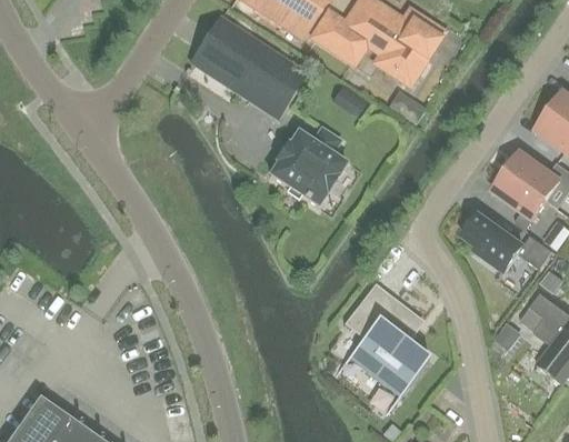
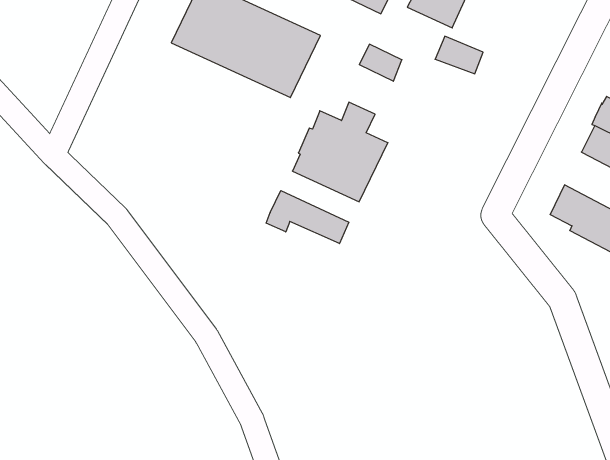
building: none -> [266,191,349,244]
building: [336,283,429,413] -> none

